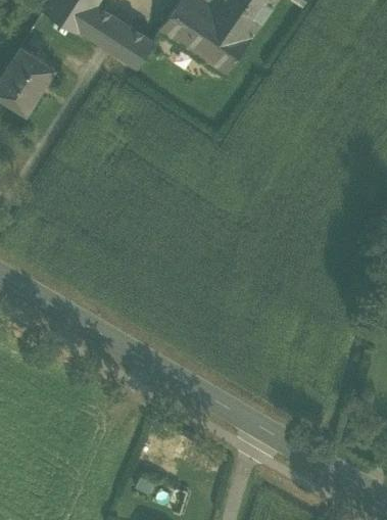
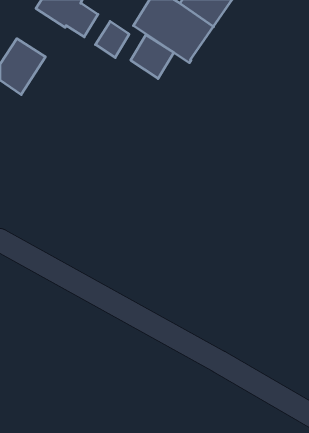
building: [101,18,132,54] -> none
building: none -> [131,35,174,79]

